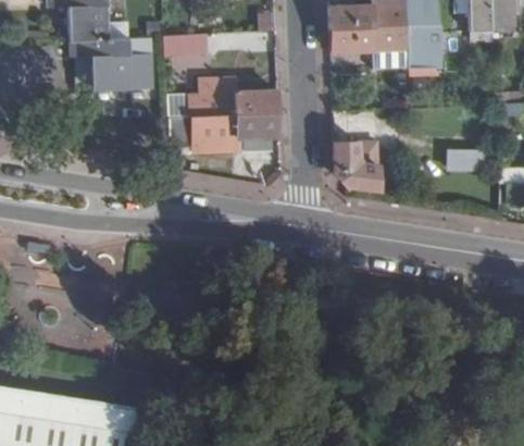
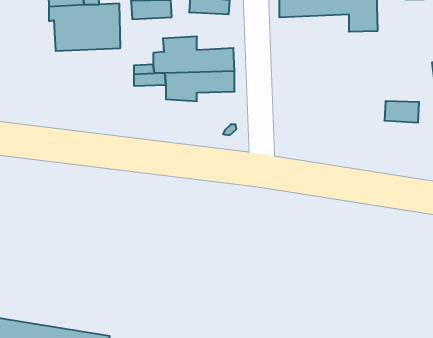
building: [332,140,380,190] -> none

